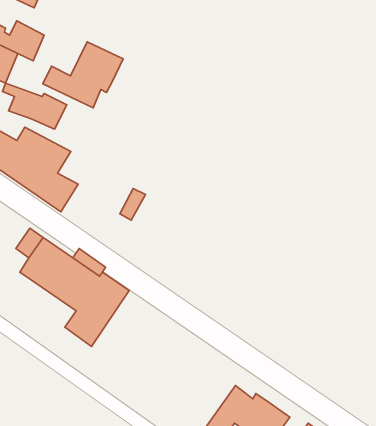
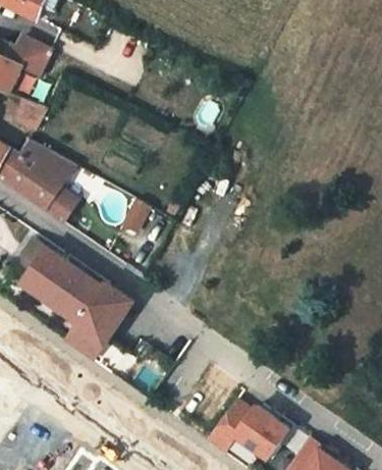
building: [43,42,123,108] -> none

